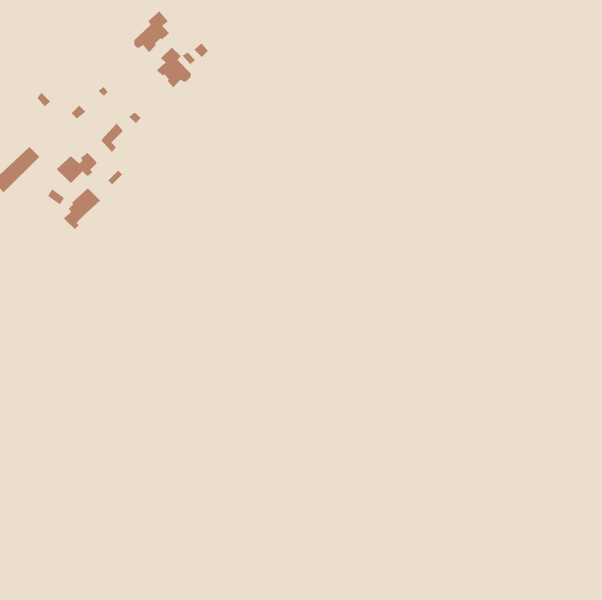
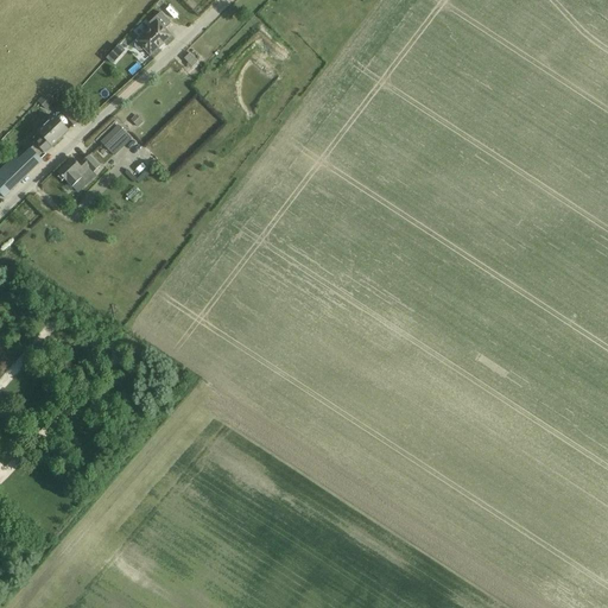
building: [156,47,191,88] -> none
building: [63,188,101,230] -> [28,115,66,158]

